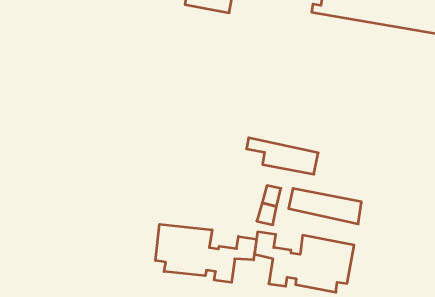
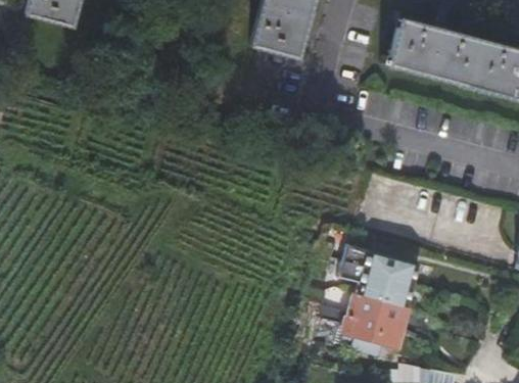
building: [246,138,318,174] -> [340,265,414,307]
building: [156,224,257,282] -> none

